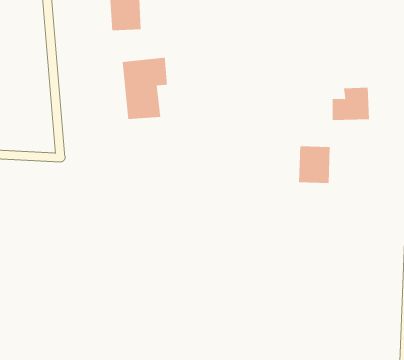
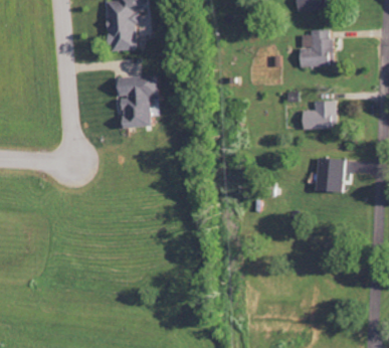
building: none -> [298,30,330,67]
building: [298,146,331,184] -> [315,159,343,192]

